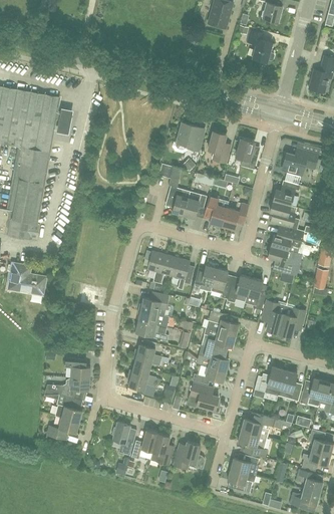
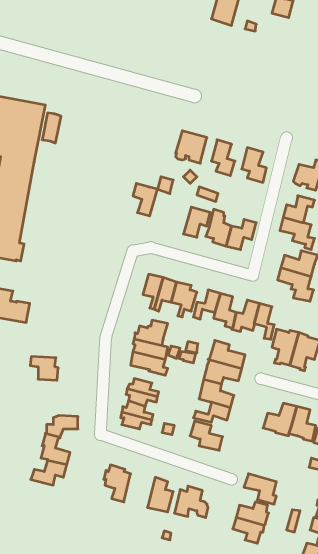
building: [247,30,274,62] -> none
building: [168,186,190,215] -> [133,183,158,216]
building: [64,357,89,378] -> [30,357,58,380]
building: [241,412,275,437] -> none
building: [131,430,157,460] -> none

